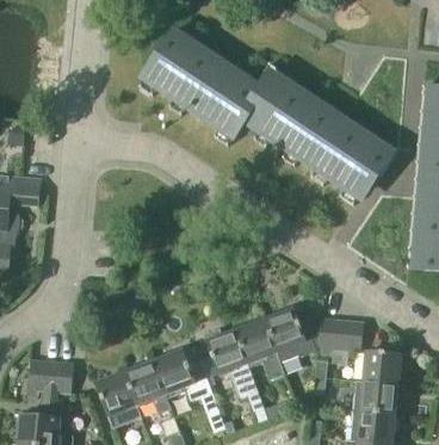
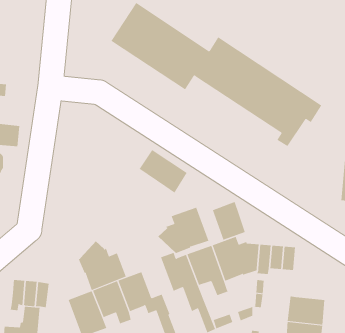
building: none -> [139,149,188,193]
building: none -> [212,201,245,241]
building: none -> [157,207,209,254]
building: none -> [78,240,127,291]
building: [363,350,401,383] -> none

